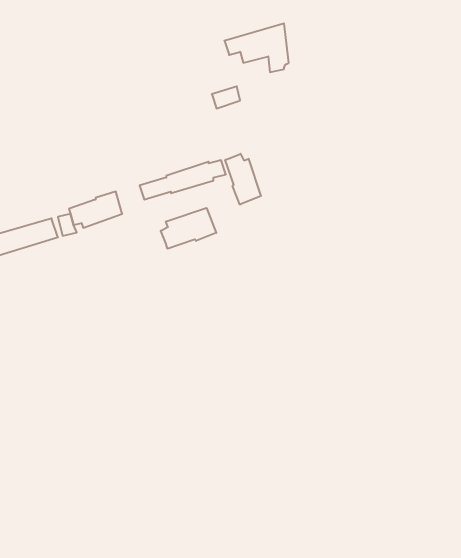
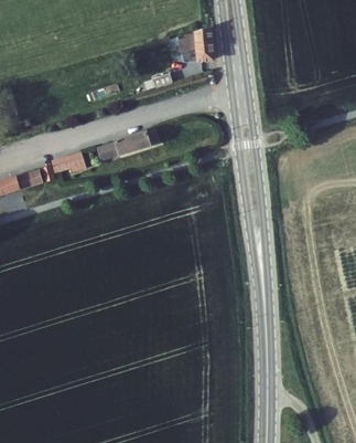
building: [225,154,261,205] -> none
building: [161,208,216,249] -> none

